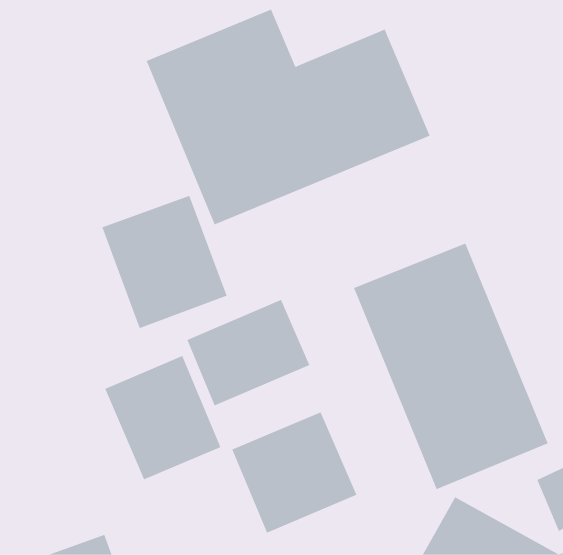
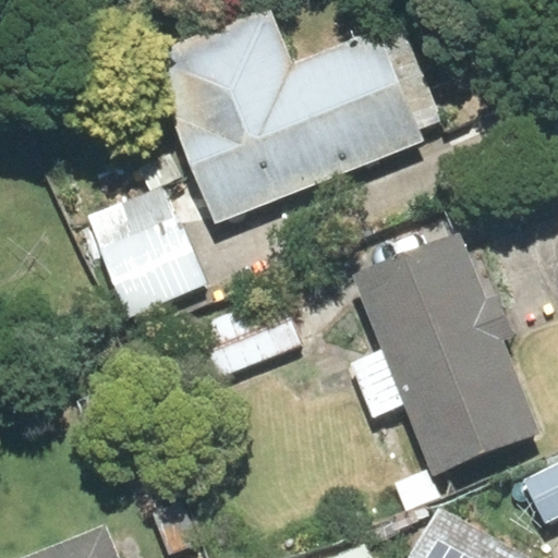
building: [104,355,221,480] -> none
building: [231,412,357,534] -> none

